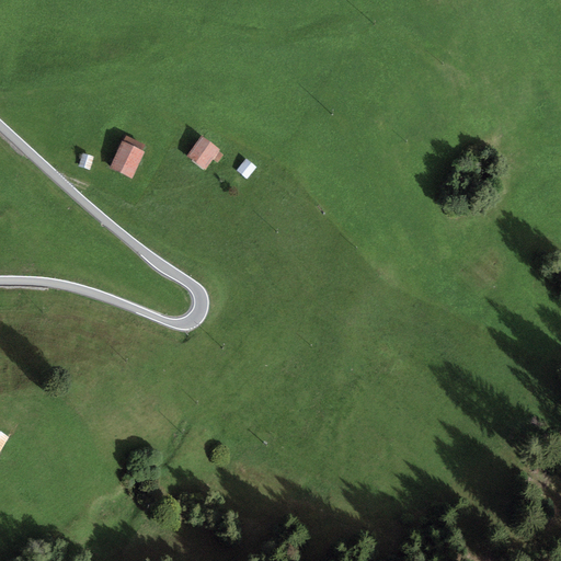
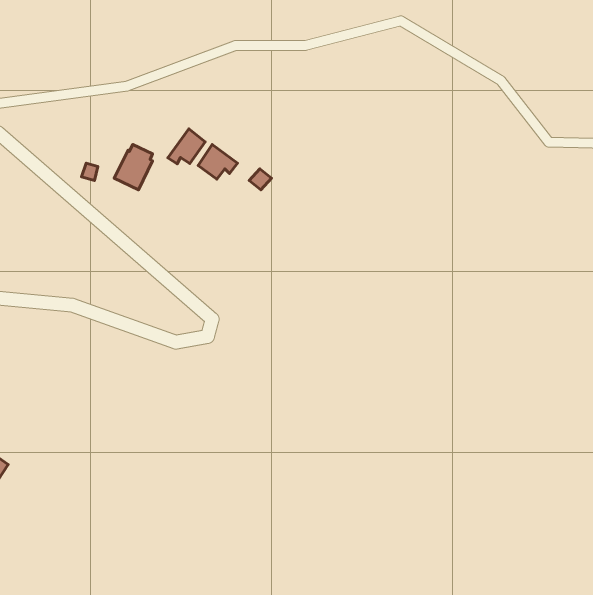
building: none -> [168,129,205,164]

